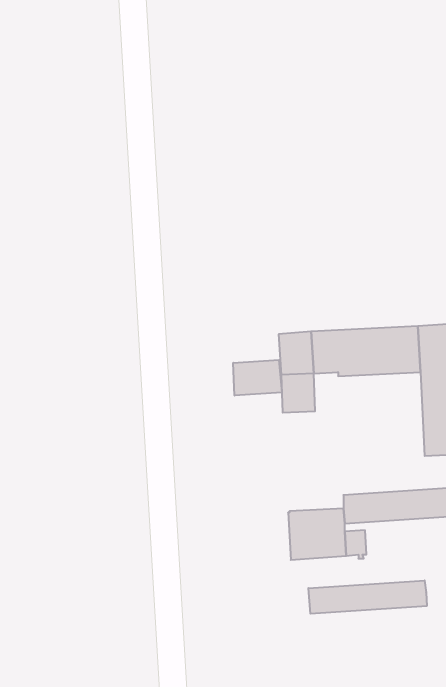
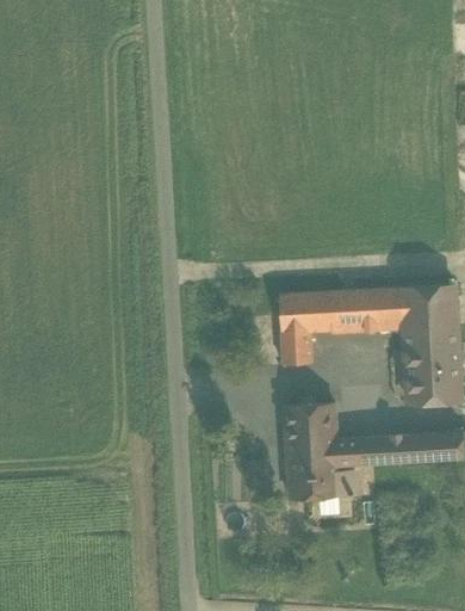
building: [233,360,282,396] -> none
building: none -> [284,405,335,453]
building: [308,580,427,614] -> none

